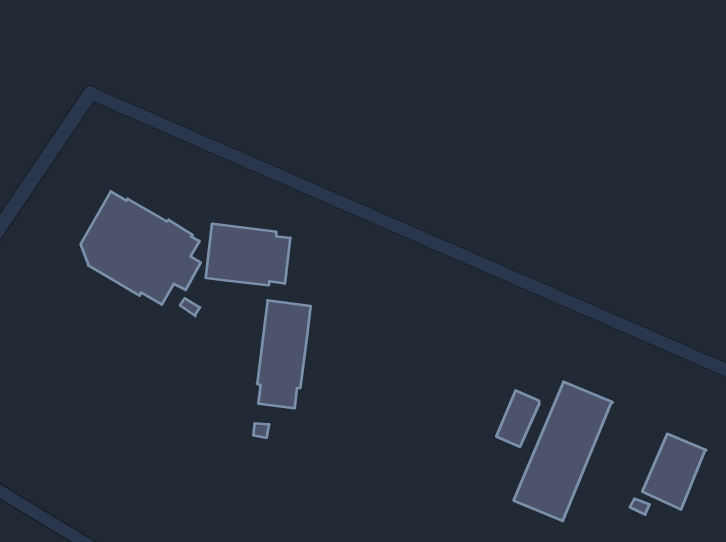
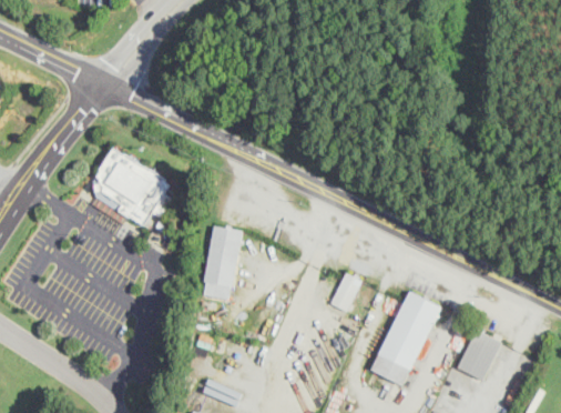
building: [206,224,290,285] -> none
building: [496,391,539,447] -> [330,273,360,311]

